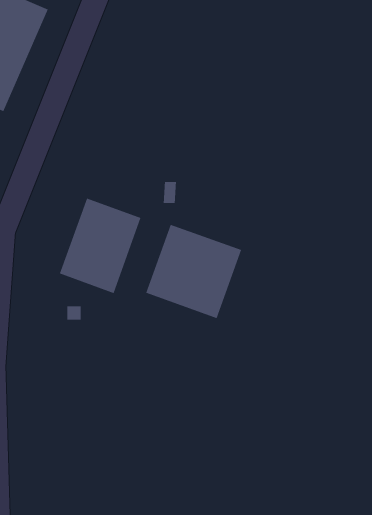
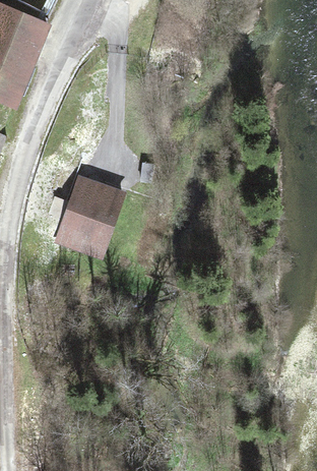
building: [145,224,242,319] -> none

